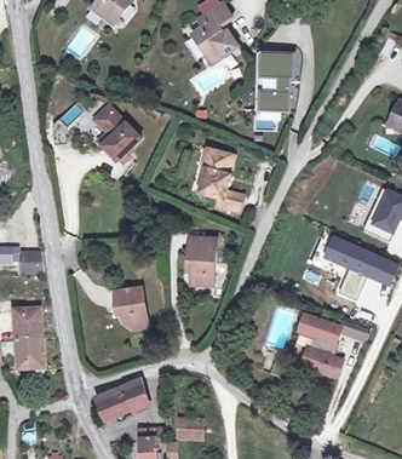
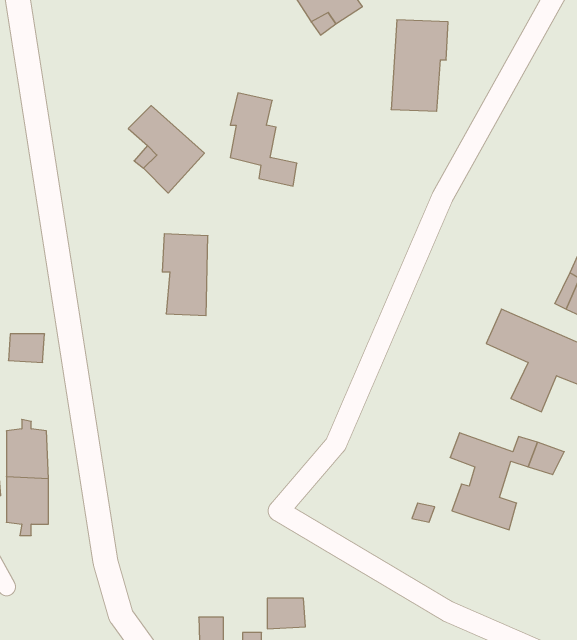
building: [207,149,249,208] -> [230,93,297,186]
building: [184,233,213,285] -> [162,234,208,316]
building: [116,288,145,328] -> none
building: [94,383,142,414] -> none

